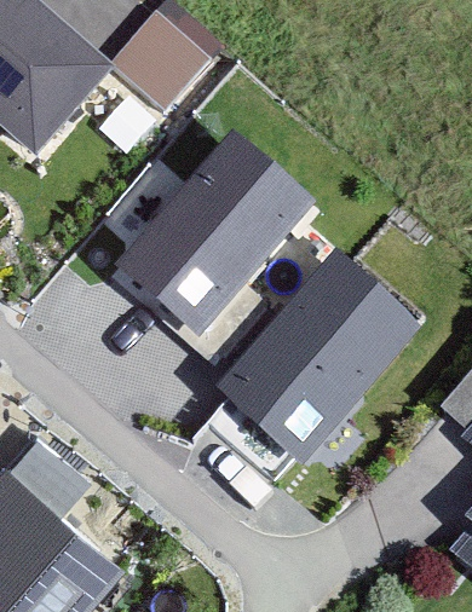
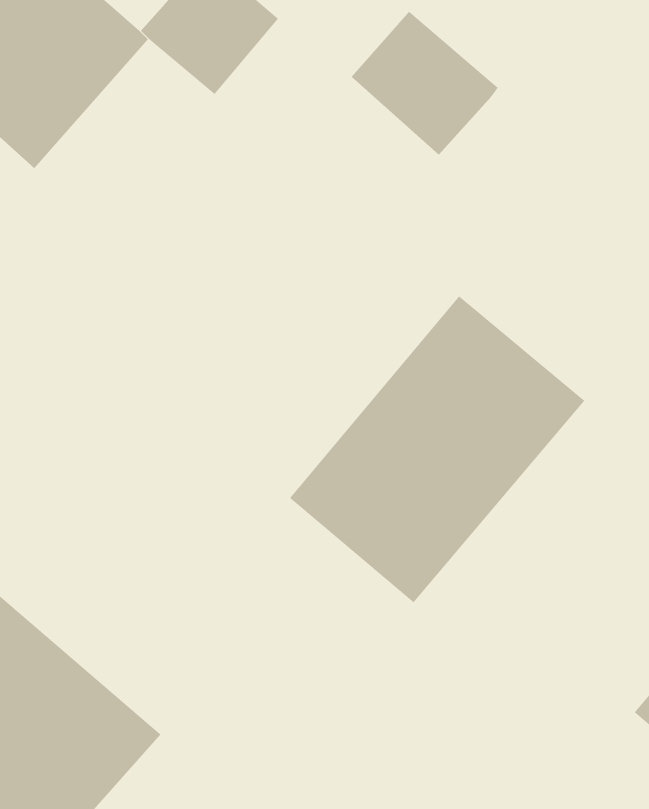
building: none -> [351,11,498,156]
building: [116,129,320,337] -> none

